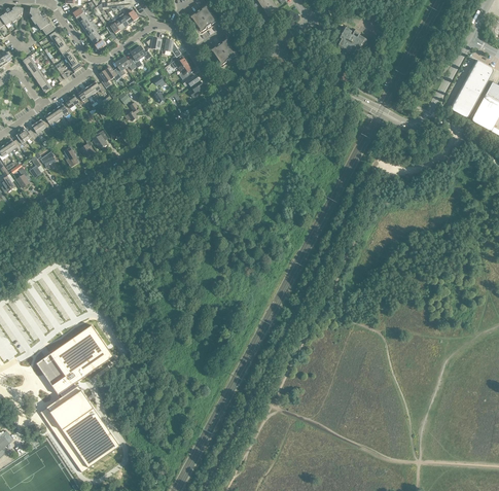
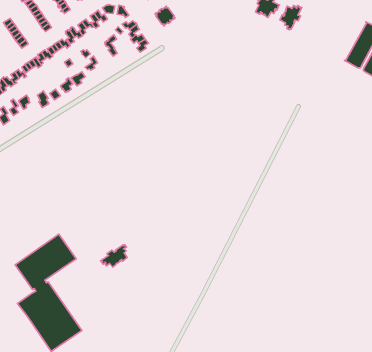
building: none -> [280,5,302,30]
building: none -> [101,245,127,267]

